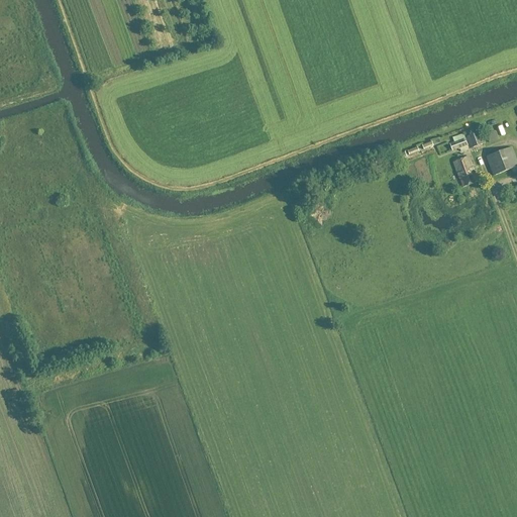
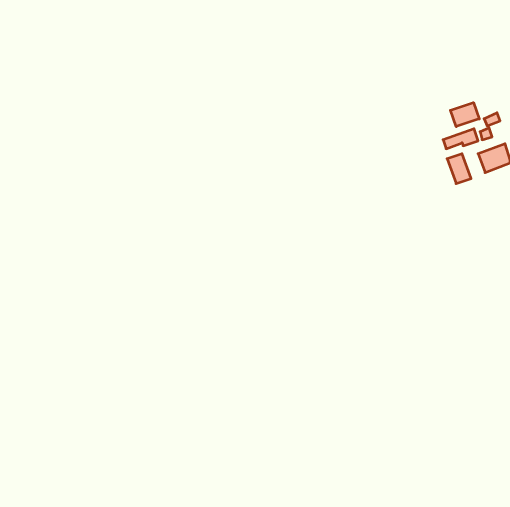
building: none -> [450,103,479,127]

